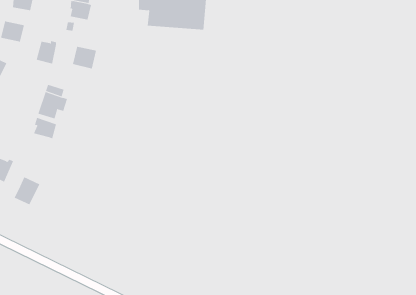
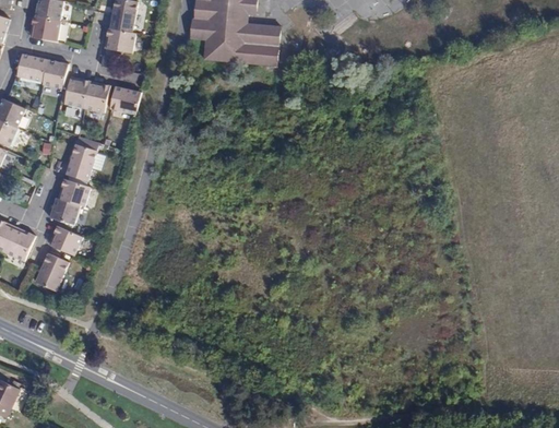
building: none -> [41,59,68,90]
building: none -> [84,83,109,112]
building: none -> [49,198,79,224]
building: none -> [51,225,82,254]

